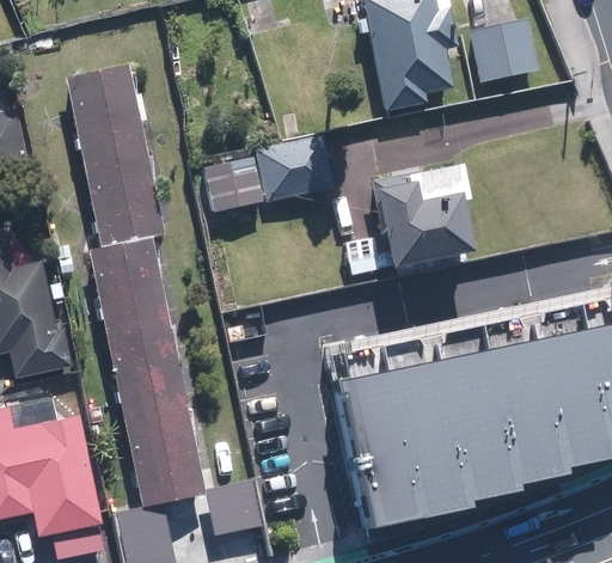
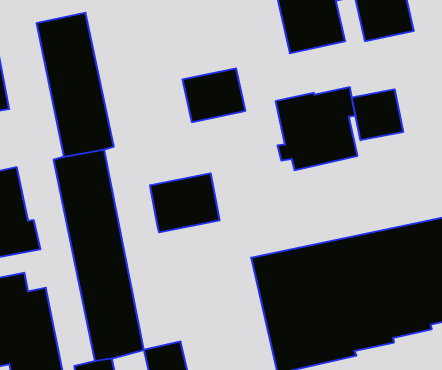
building: [201,158,264,213] -> none
building: none -> [352,89,403,140]
building: none -> [150,173,219,232]

